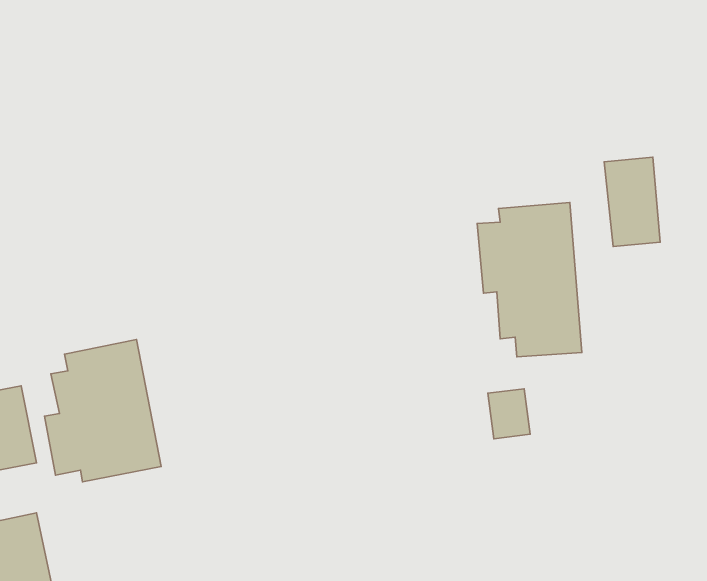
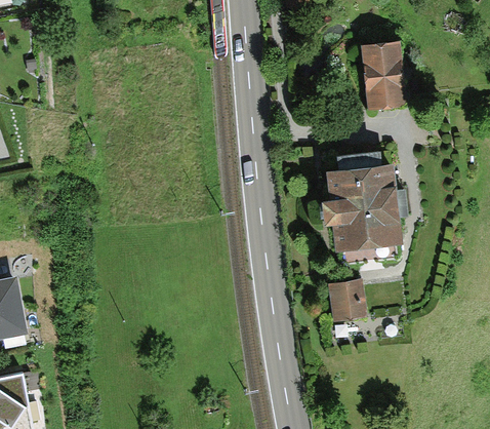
building: [604,157,660,247] -> [363,42,401,103]
building: [44,340,161,482] -> none

